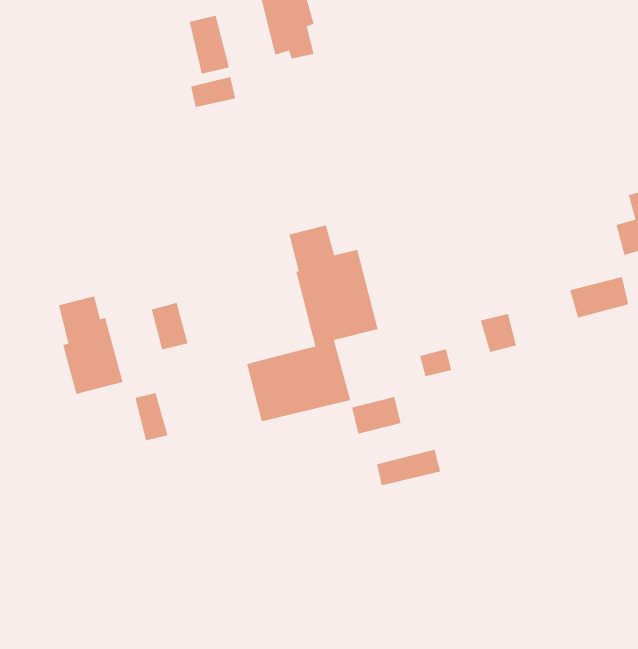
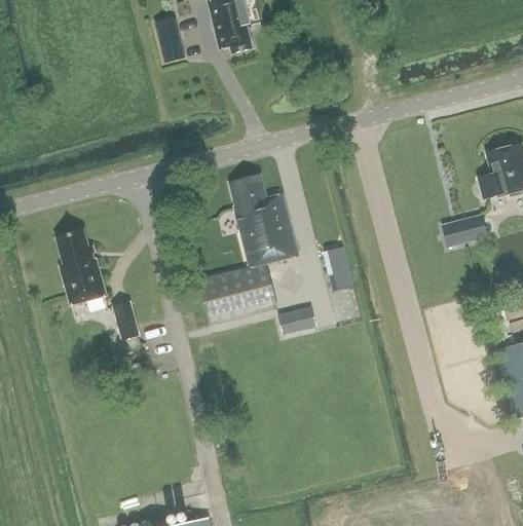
building: [190,76,236,108] -> none
building: [151,302,188,350] -> none
building: [480,313,517,353] -> [322,243,349,273]
building: [376,449,441,486] -> none

